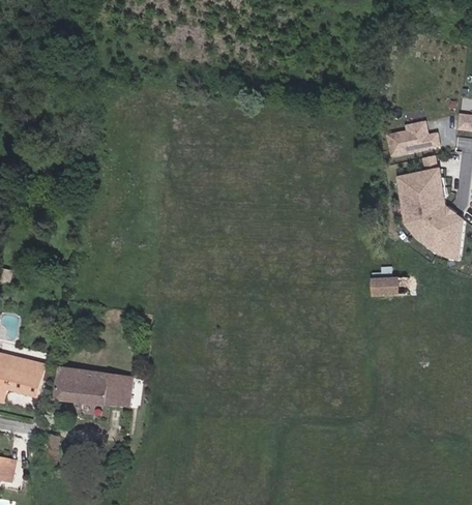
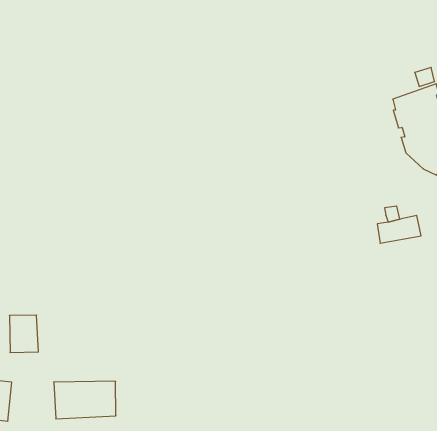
building: [386,120,439,155] -> none
building: [54,366,81,400] -> [9,315,38,353]

